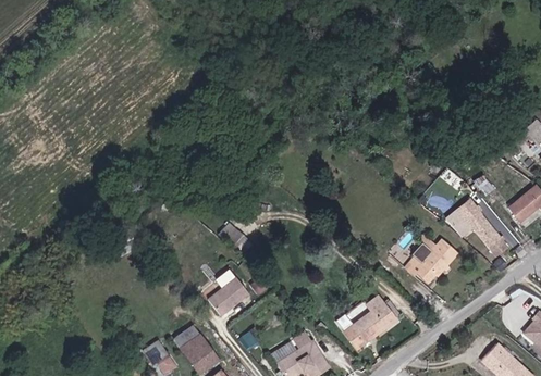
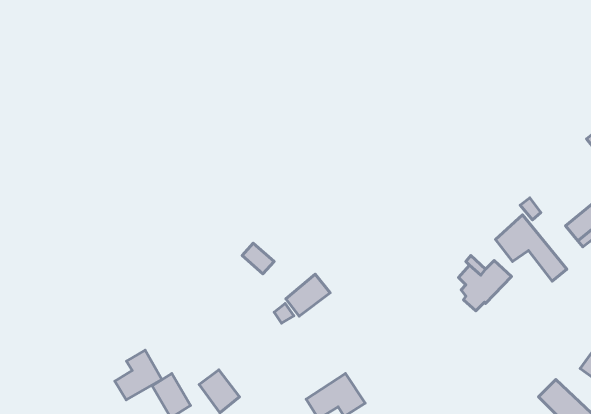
building: [209,276,248,313] -> [286,274,330,316]
building: [345,296,395,347] -> none
building: none -> [115,350,162,400]

